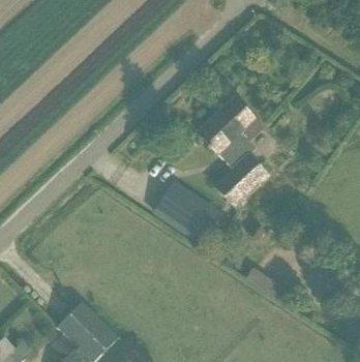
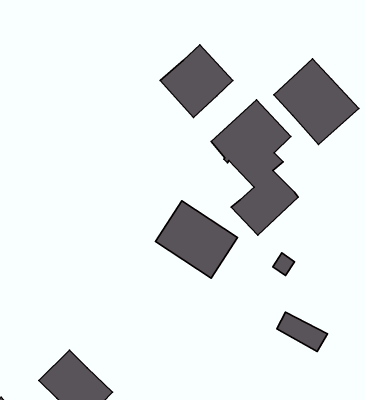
building: none -> [160,45,233,117]
building: none -> [274,59,359,145]

